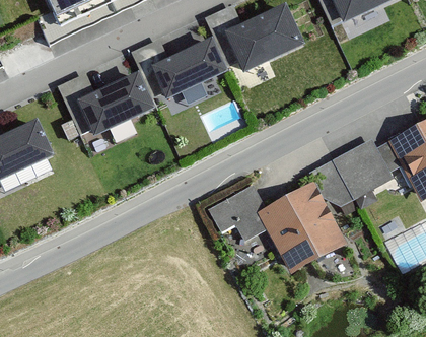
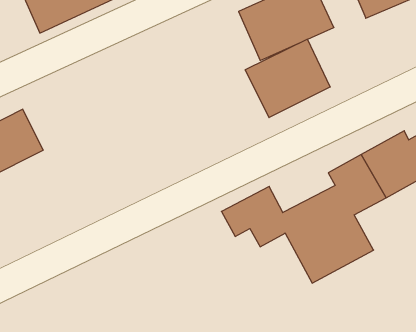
building: [149,28,225,98] -> [245,39,330,118]
building: [69,68,156,143] -> none

